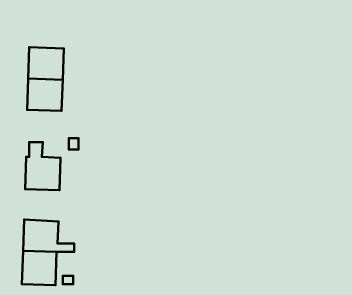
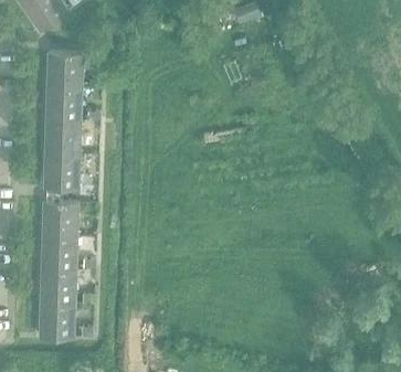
building: none -> [46,53,84,88]
building: none -> [43,153,81,189]
building: none -> [41,237,78,272]

